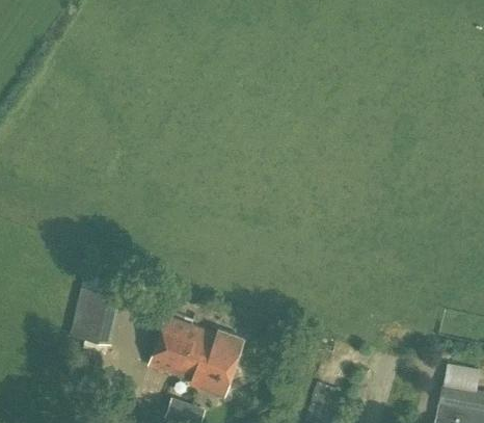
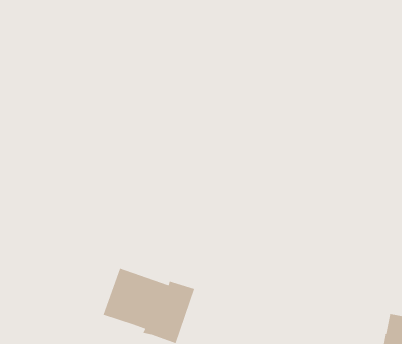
building: [71,275,122,346] -> none

